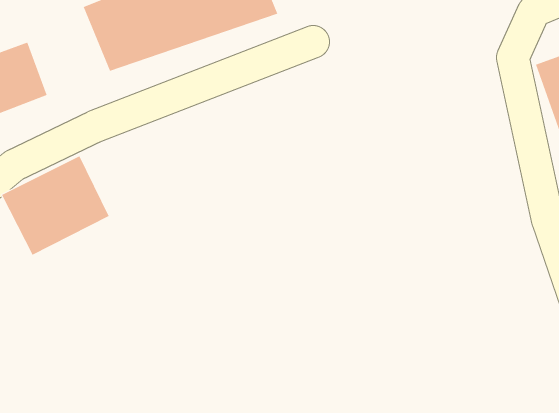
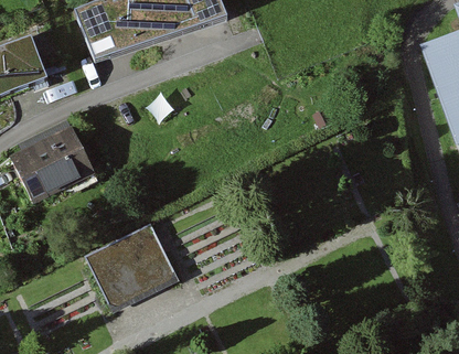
building: none -> [88,228,179,314]

